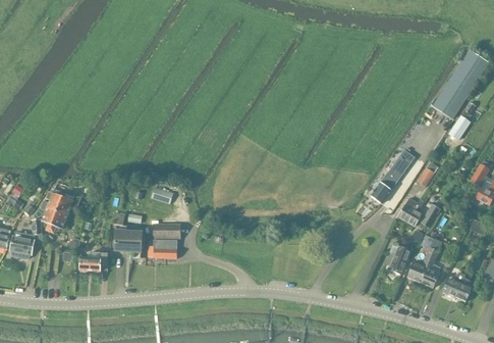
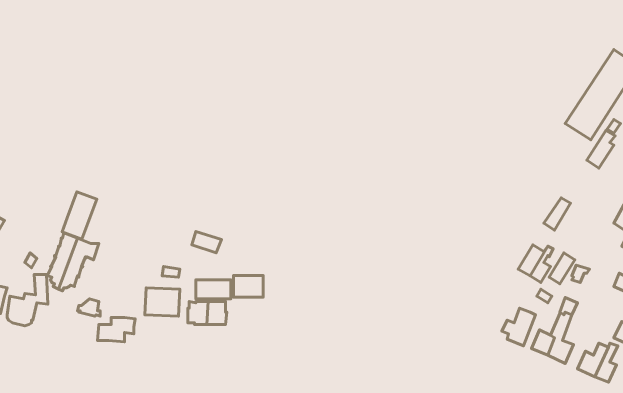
building: [371,150,415,203] -> none
building: none -> [62,192,97,239]
building: none -> [233,276,263,297]

